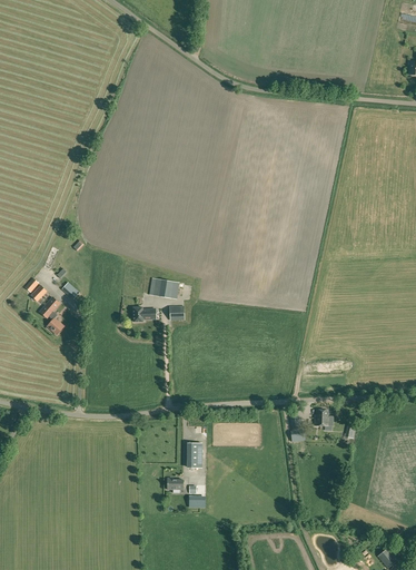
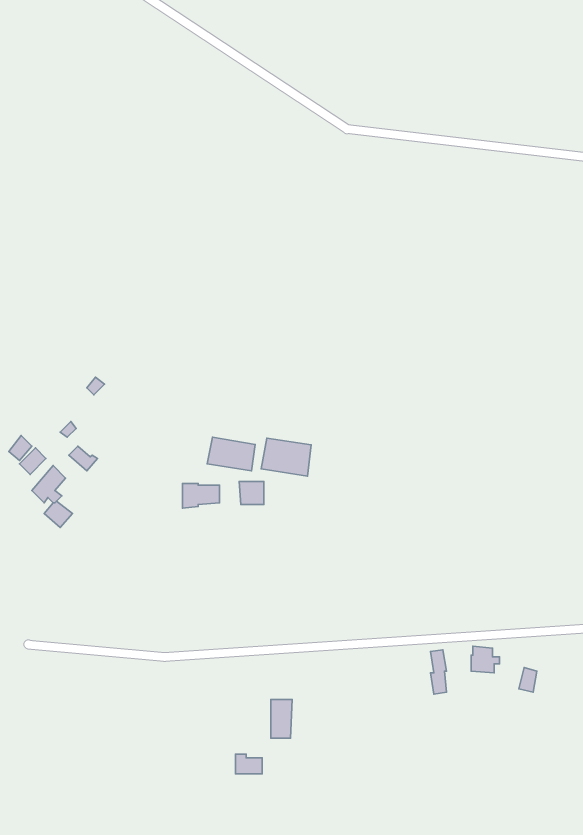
building: none -> [261,438,311,476]

